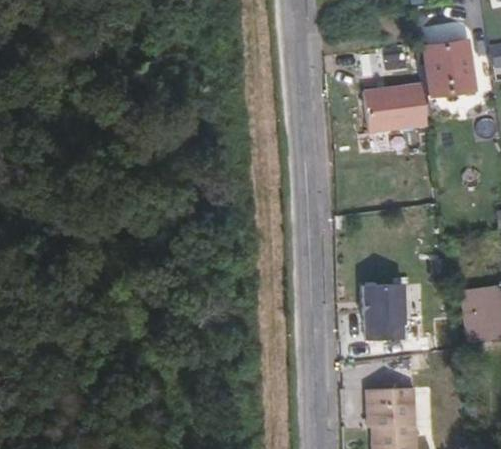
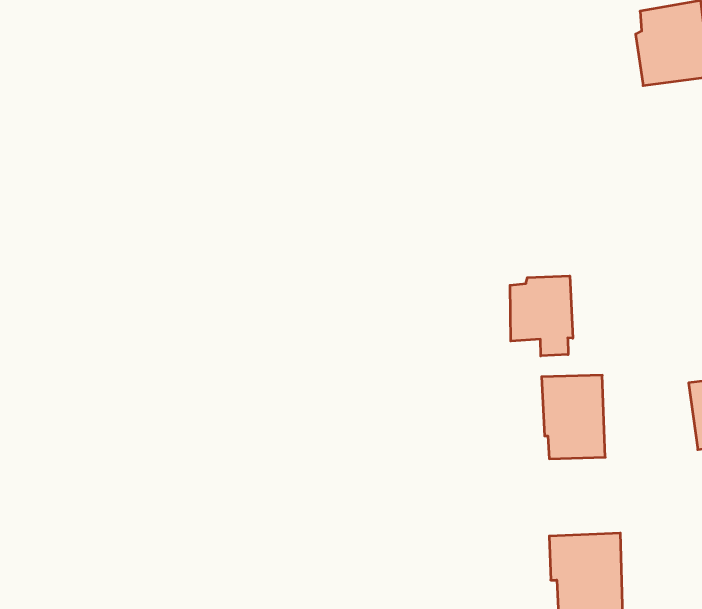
building: [364,83,426,131] -> none
building: none -> [510,276,573,356]

